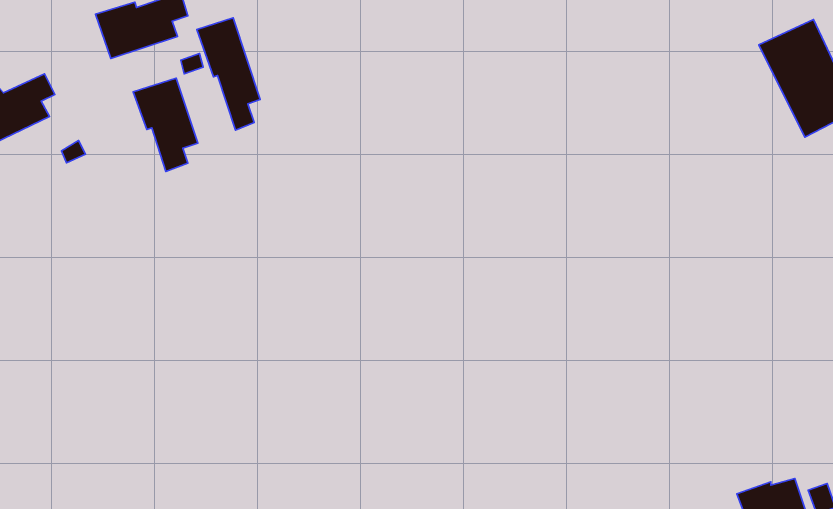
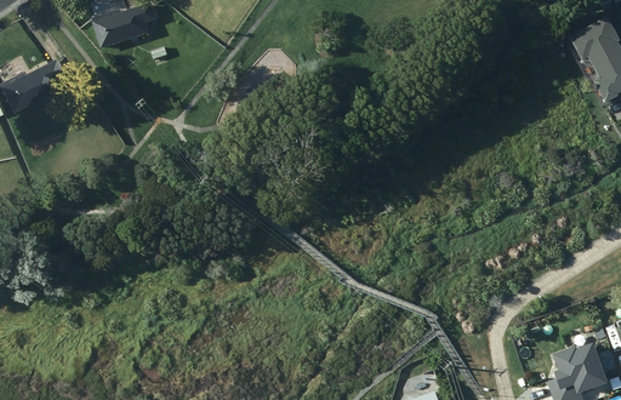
building: [197,18,260,130] -> none
building: [133,78,198,172] -> none

